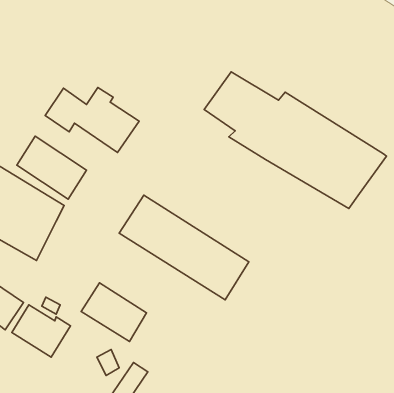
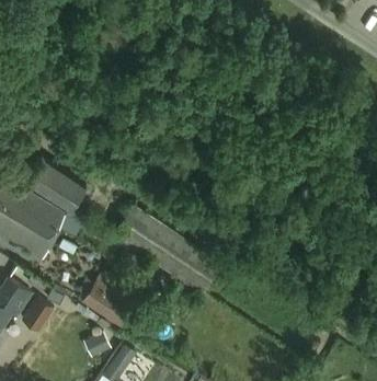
building: [204,72,387,209] -> none
building: [45,87,139,152] -> none

